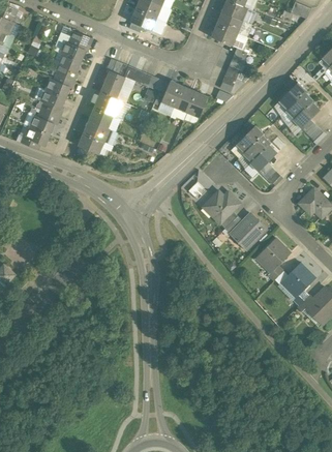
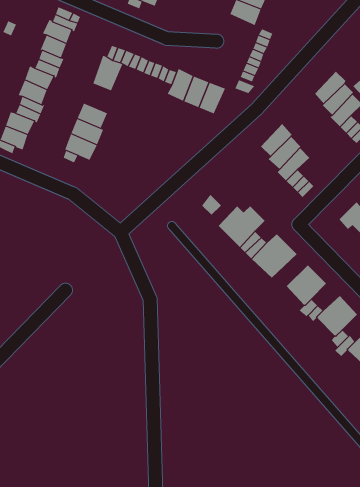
building: [93,93,121,118] -> none

